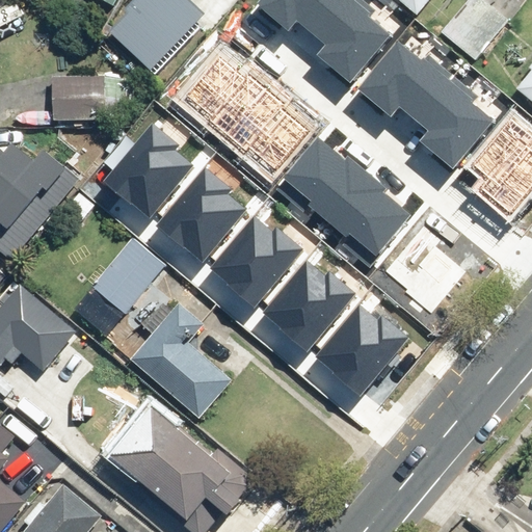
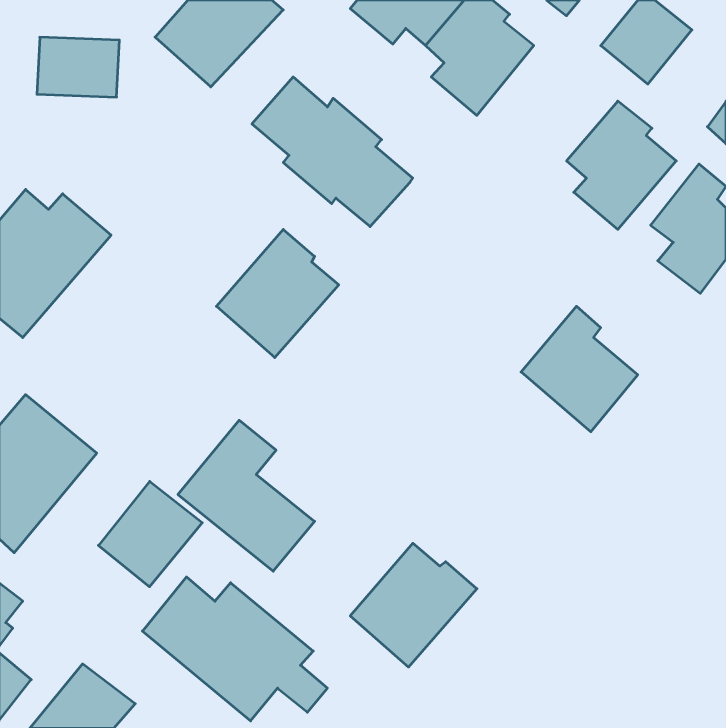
building: [360,41,451,117] -> none
building: [48,78,108,122] -> [37,37,119,97]
building: [104,125,192,218] -> none
building: [288,143,405,252] -> none
building: [211,217,303,308] -> none
building: [89,238,165,315] -> [98,481,202,587]
building: [261,260,353,350] -> none
building: [315,307,407,397] -> [350,543,477,667]

